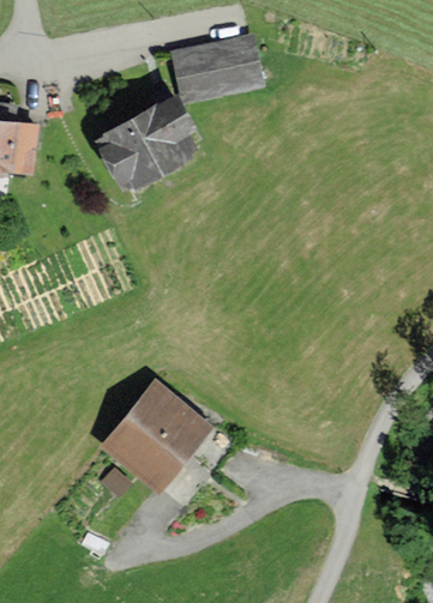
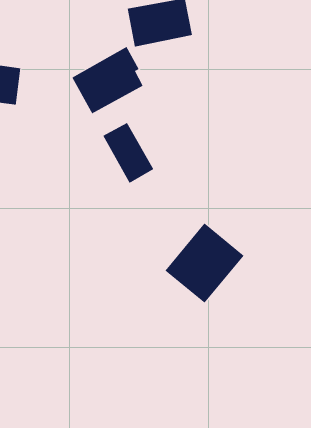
building: none -> [103,122,154,184]
building: [106,384,210,489] -> [164,223,244,303]

